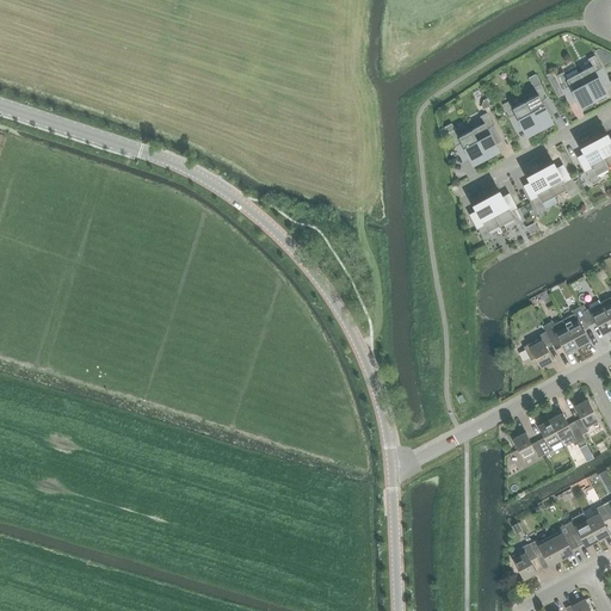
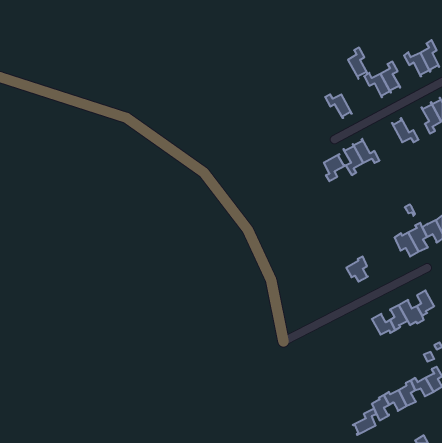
building: [471,113,499,156] -> [348,48,368,79]
building: [527,169,555,212] -> none
building: none -> [324,154,346,181]
building: [524,332,554,366] -> [346,256,368,282]
building: none -> [353,409,376,435]

